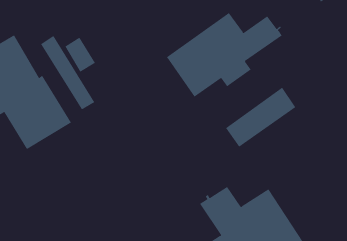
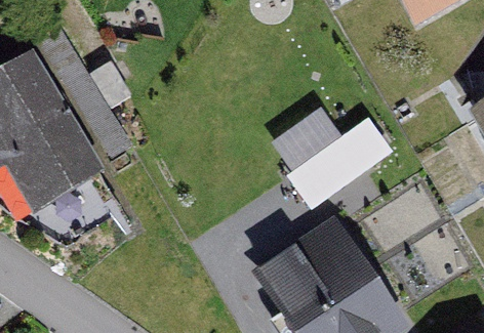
building: [166,12,282,97] -> none

